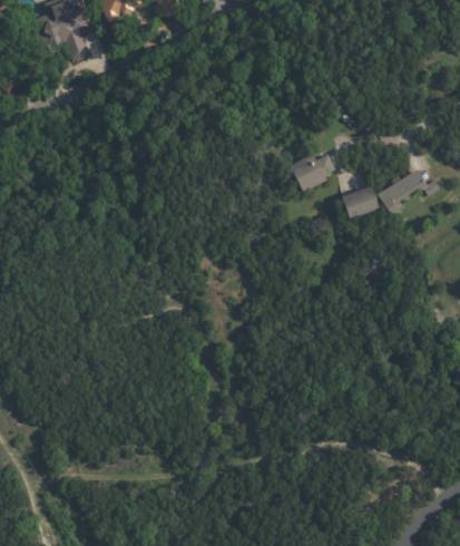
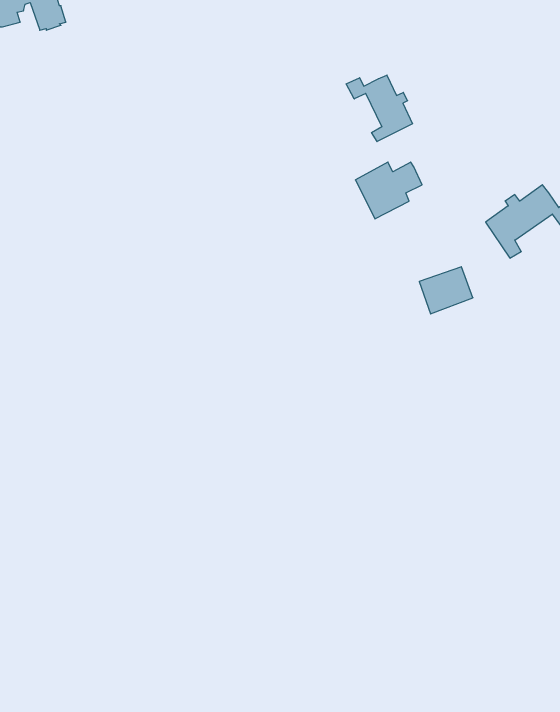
building: none -> [346,75,412,142]
building: [341,184,378,216] -> [419,267,473,314]

